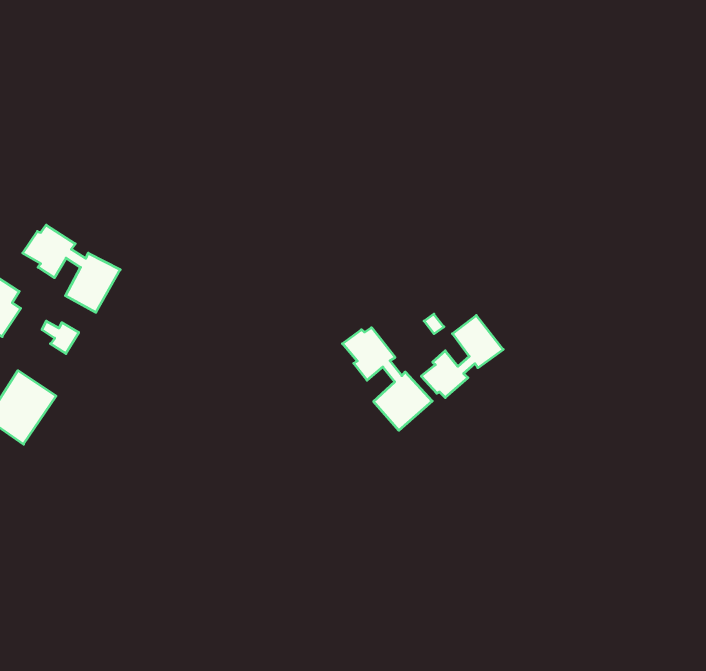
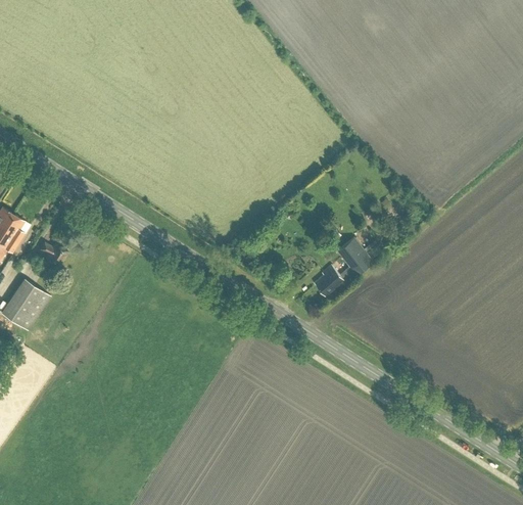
building: [23,225,120,312] -> none
building: [342,328,432,430] -> none

